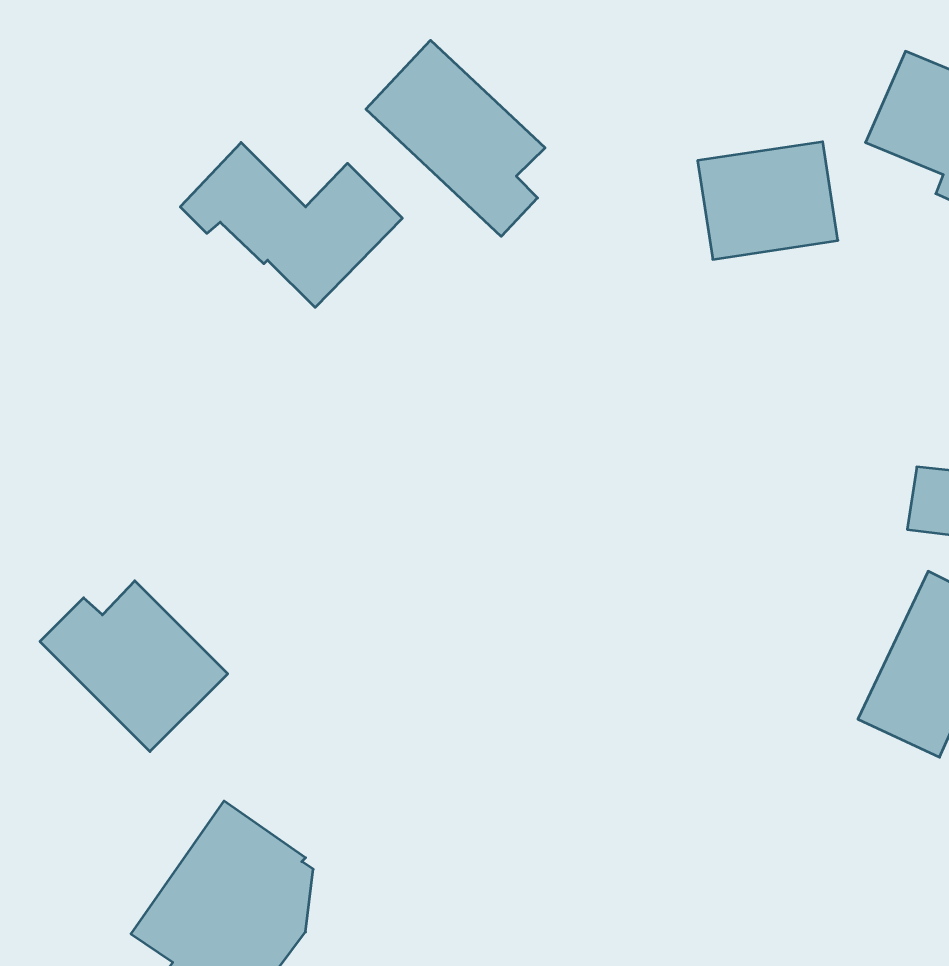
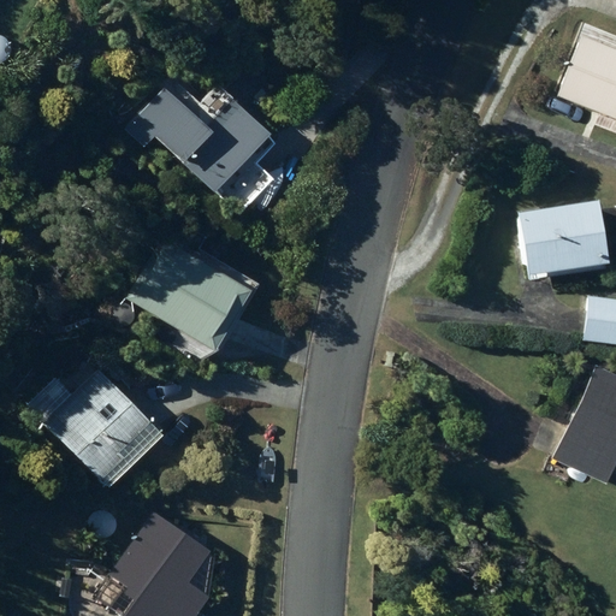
building: [366,40,545,236] -> none
building: [698,142,838,259] -> [517,197,606,272]
building: none -> [131,233,263,355]

